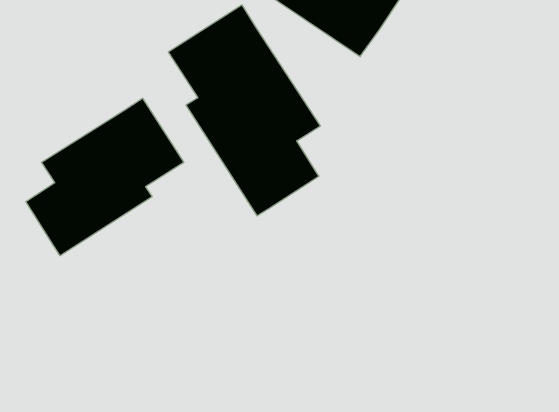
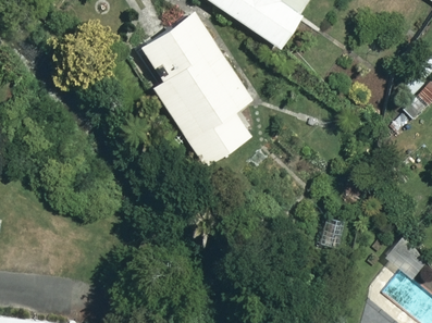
building: [26,98,184,256] -> none

